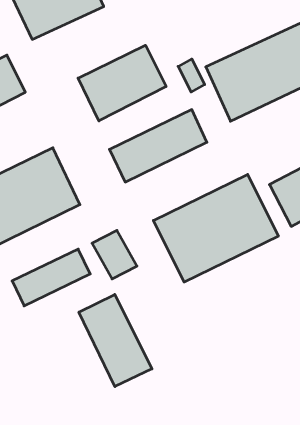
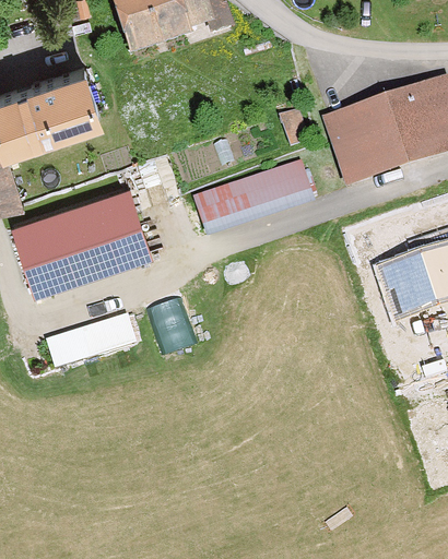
building: [78,45,166,121] -> none
building: [153,174,278,282] -> none
building: [79,294,152,387] -> none

